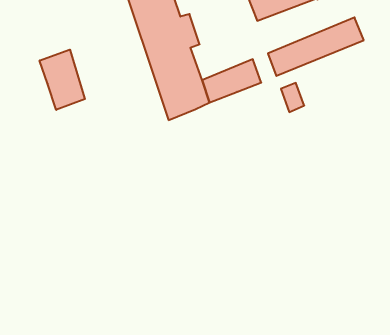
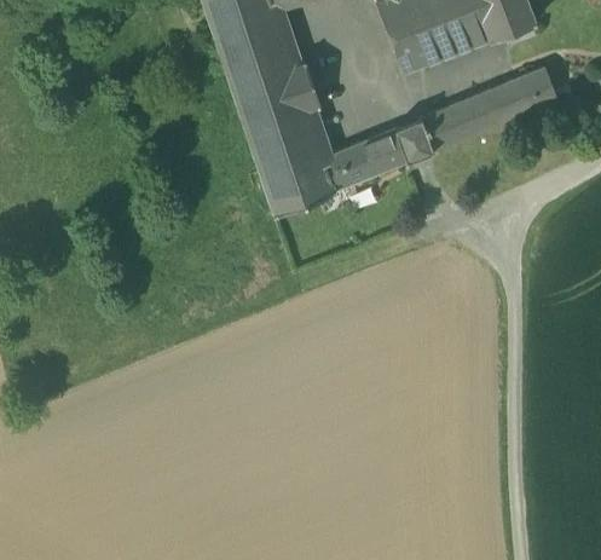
building: [40,50,85,110] -> none
building: [281,83,304,112] -> [400,119,434,161]

